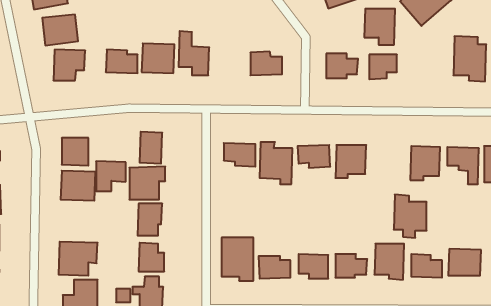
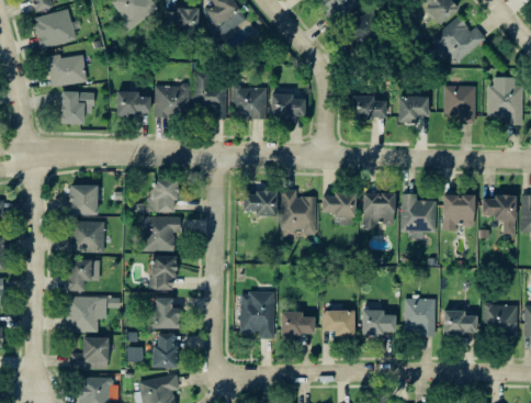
building: [364,9,395,45] -> [443,86,476,124]
building: none -> [233,87,267,120]
building: [96,161,126,191] -> [68,259,100,291]
building: [394,195,427,238] -> [400,193,436,239]

